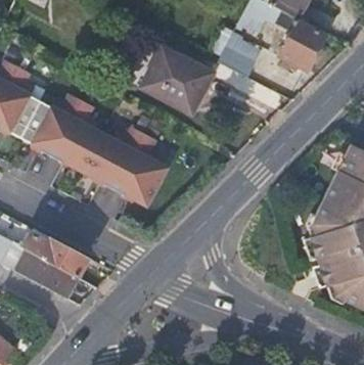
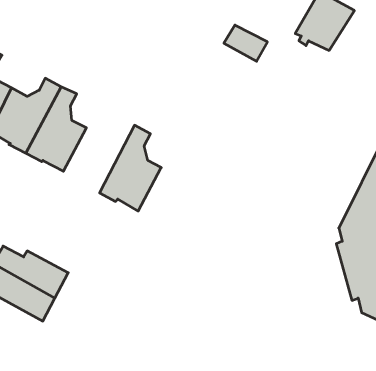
building: [137,45,208,109] -> none
building: [81,125,141,188] -> none

